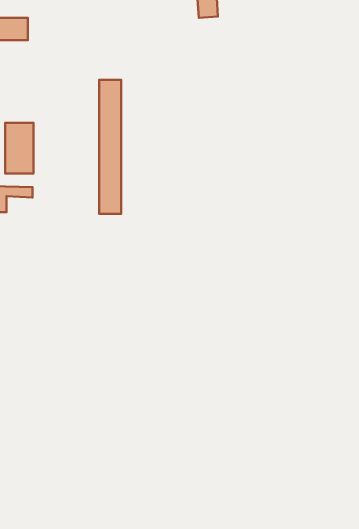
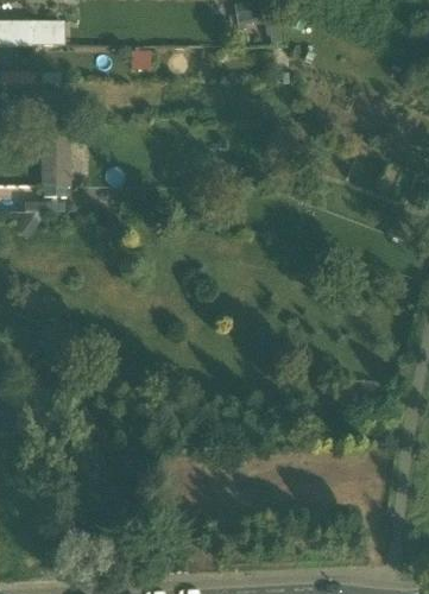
building: [99,80,121,214] -> none

